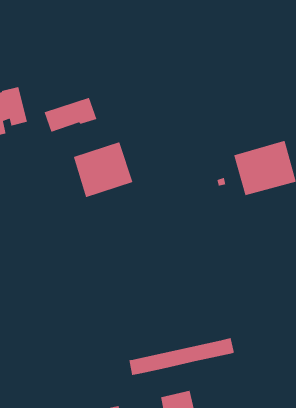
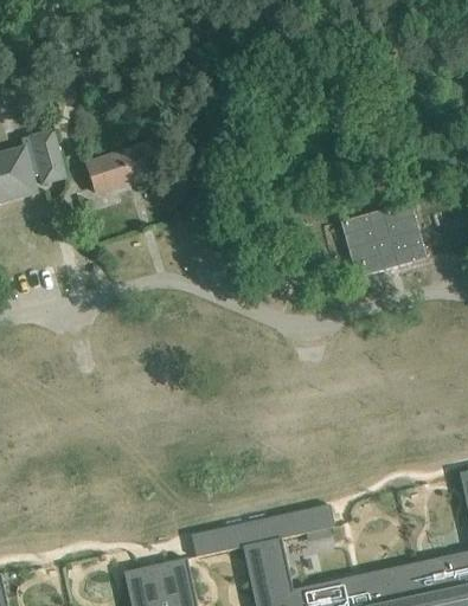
building: [73,141,133,198] -> none
building: [128,337,235,376] -> [192,505,335,557]

